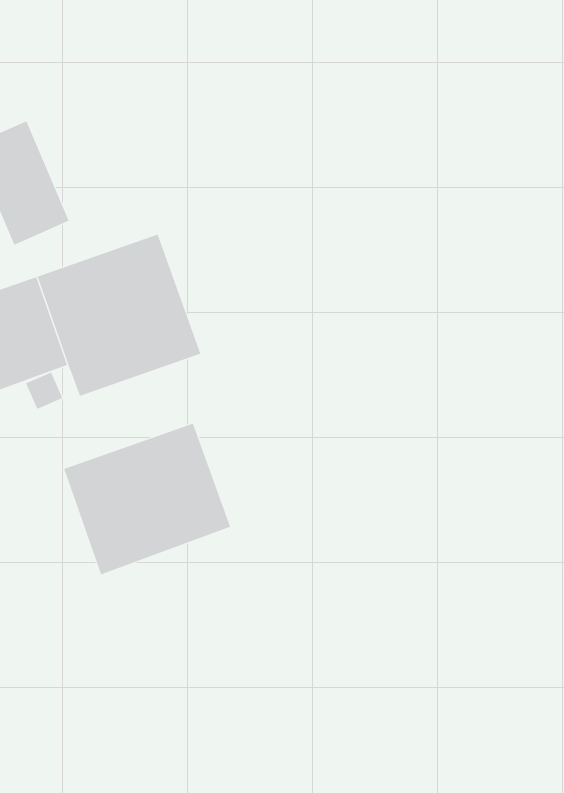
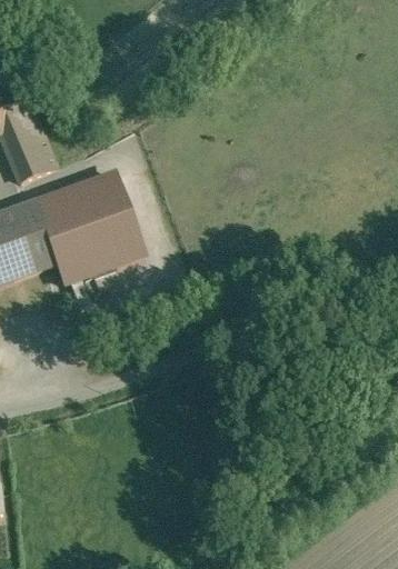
building: [63,423,231,575] -> none

